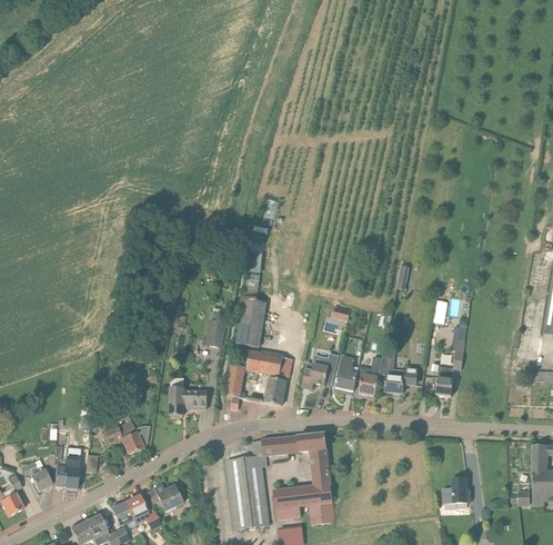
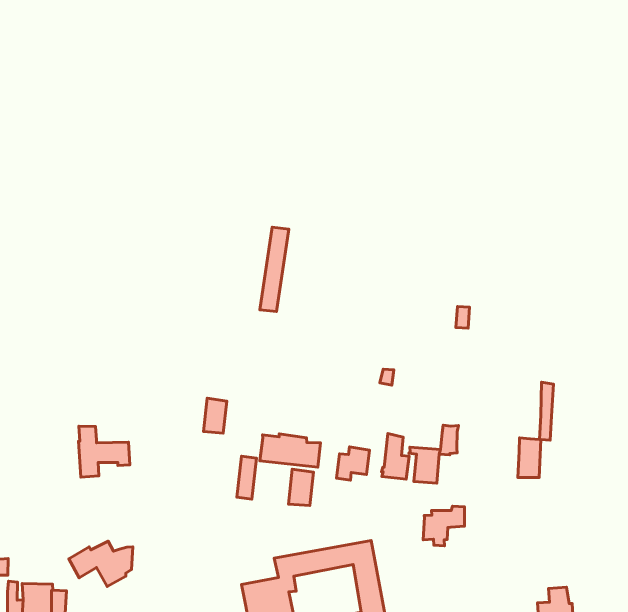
building: [235,284,267,346] -> none
building: [384,367,416,396] -> [423,506,465,546]
building: [170,376,207,414] -> [78,426,130,477]

